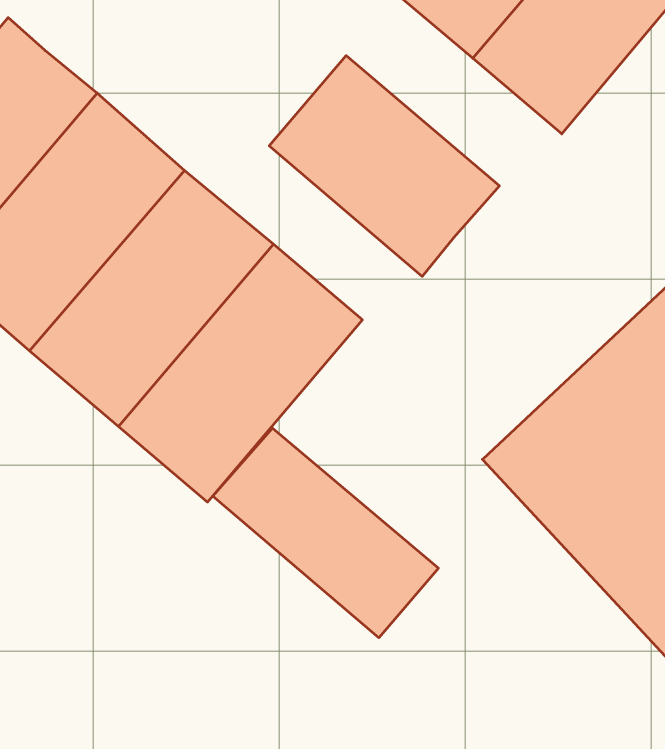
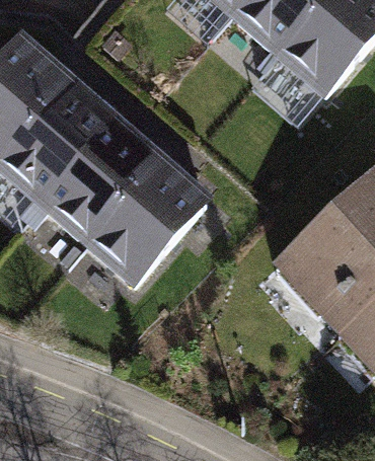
building: [269,56,499,276] -> none
building: [213,428,438,638] -> none

